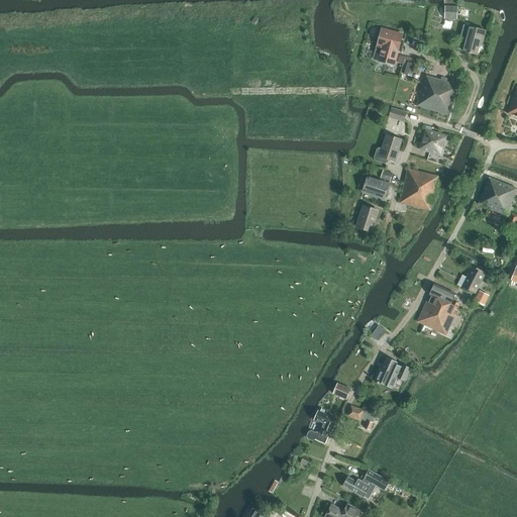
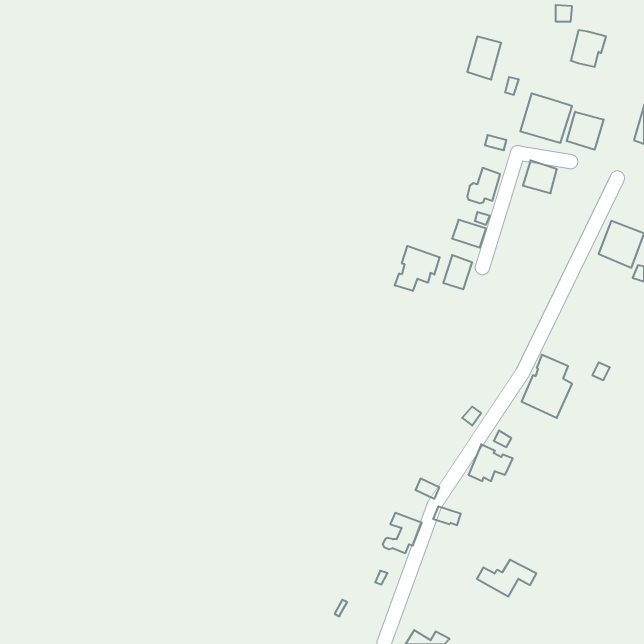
building: none -> [567,112,604,150]
building: [399,169,437,209] -> none
building: none -> [395,246,440,291]
building: [460,265,486,293] -> none
building: [341,470,389,499] -> [477,560,536,596]

